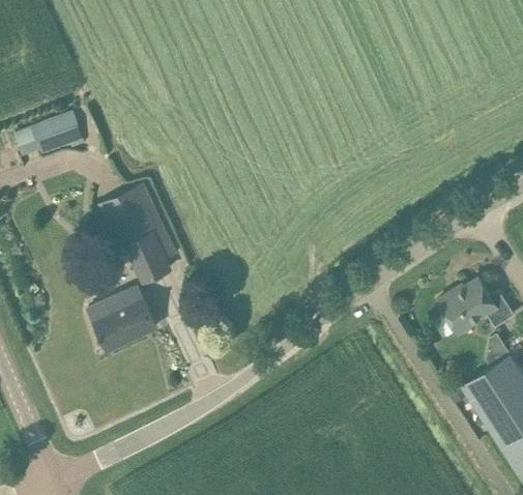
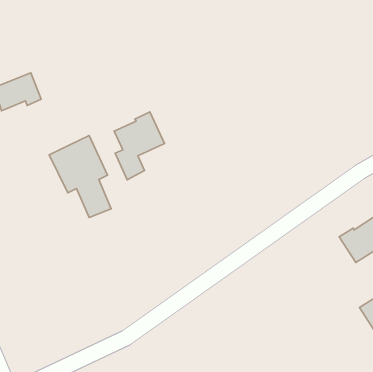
building: none -> [114,112,165,180]
building: [92,295,156,350] -> none

